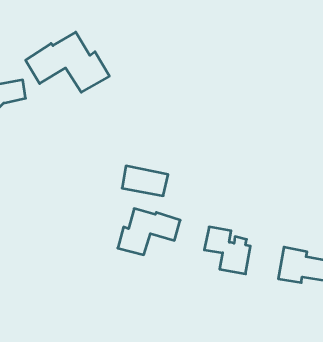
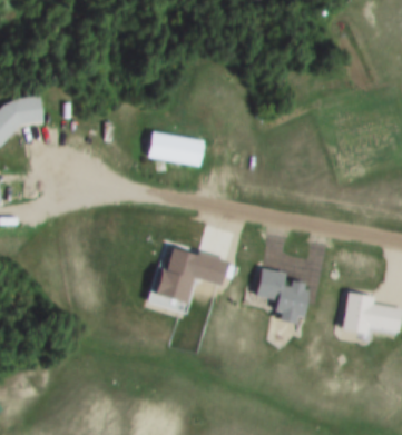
building: [26,32,109,92] -> none
building: [122,166,168,196] -> [148,131,202,166]

